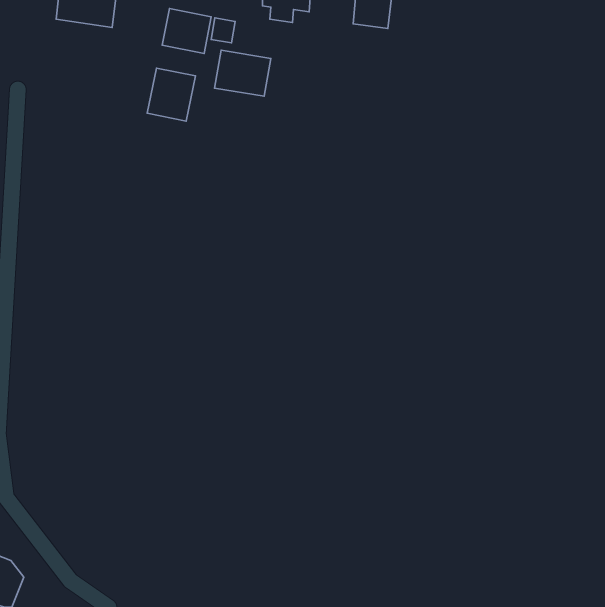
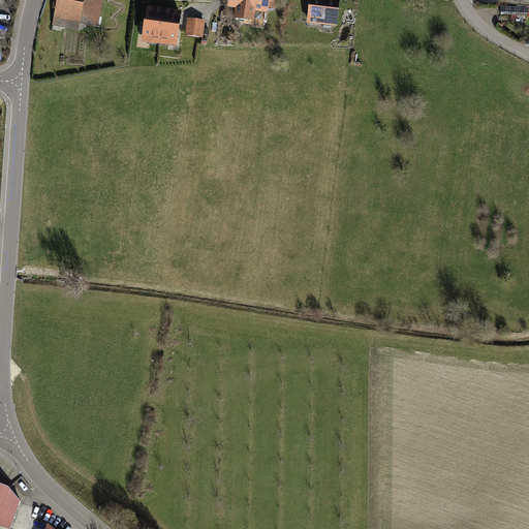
building: [214,50,271,96] -> none
building: [147,68,195,121] -> none

